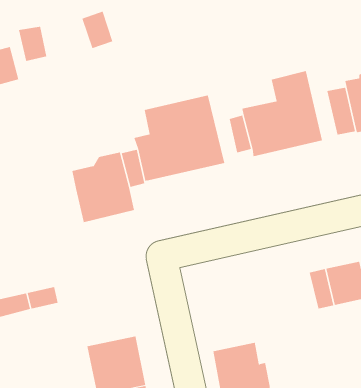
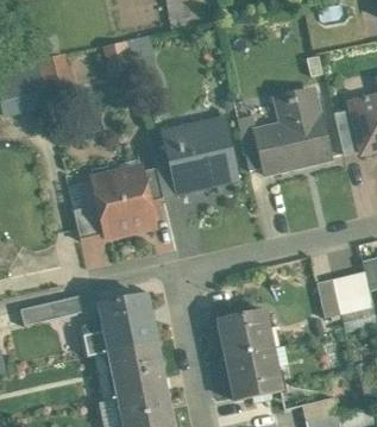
building: none -> [64,175,105,239]
building: none -> [82,294,155,354]
building: none -> [218,309,268,356]

